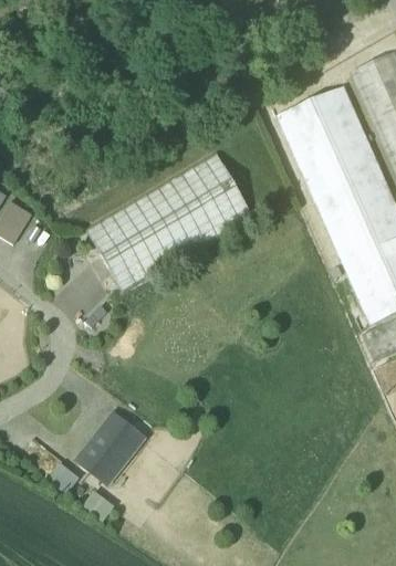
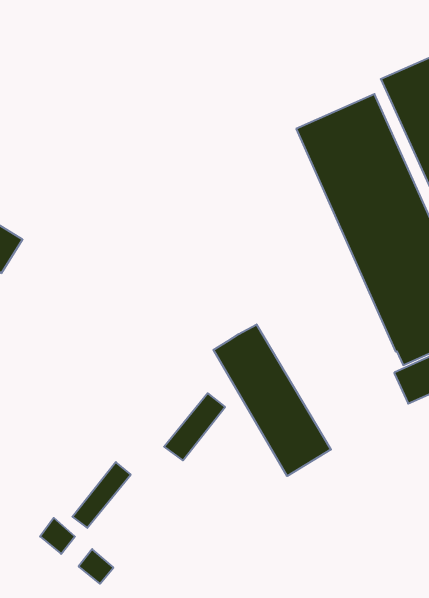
building: [83,149,253,292] -> none
building: none -> [213,324,331,476]
building: [88,422,143,482] -> [164,393,225,460]

